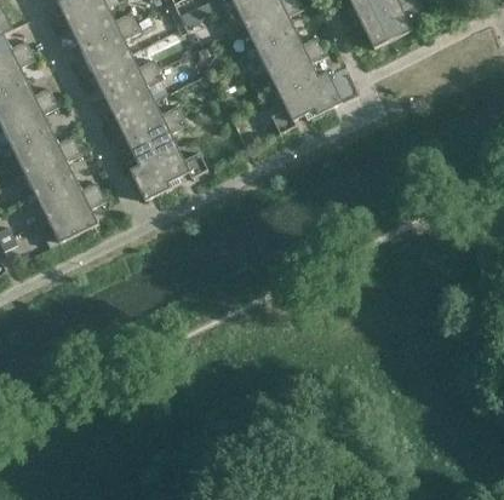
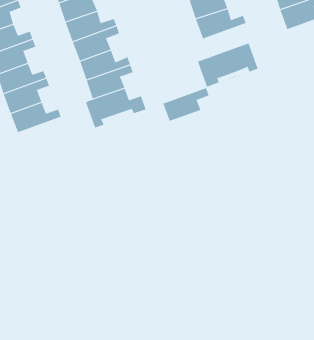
building: [267,46,325,94] -> [163,88,209,122]
building: [46,191,104,246] -> none

